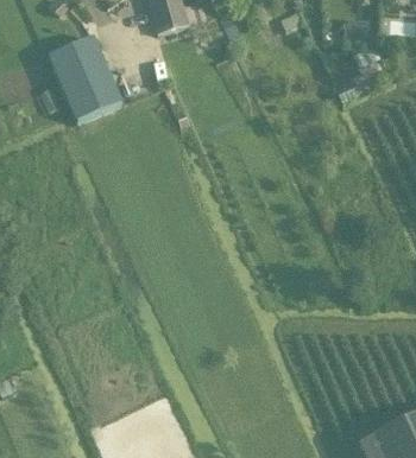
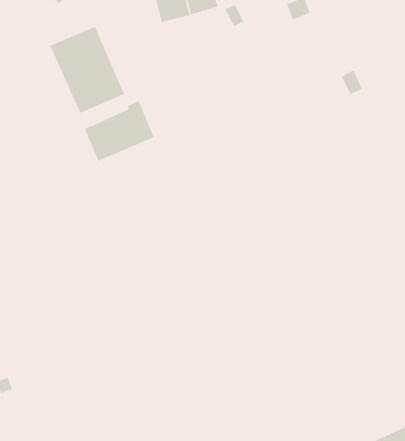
building: none -> [84,100,154,161]

